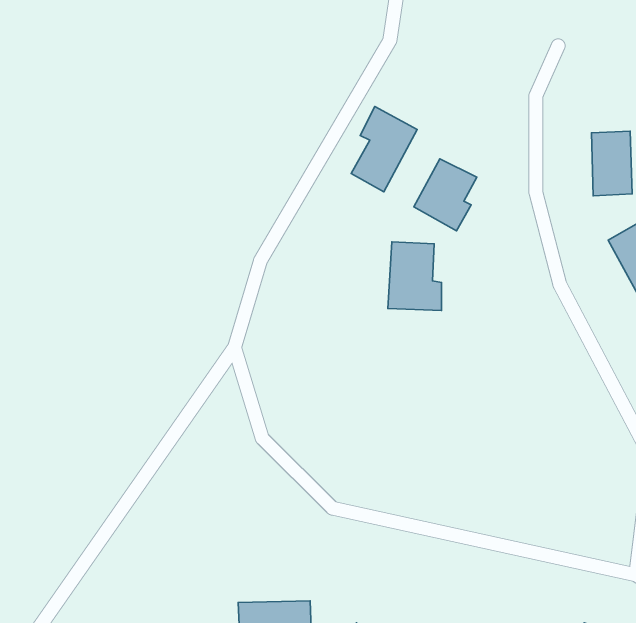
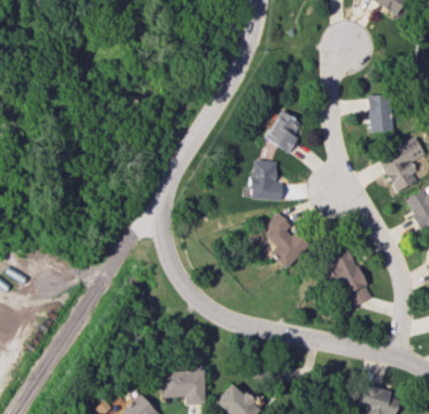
building: [351,106,417,192] -> none
building: none -> [260,212,309,267]
building: none -> [330,250,372,308]

